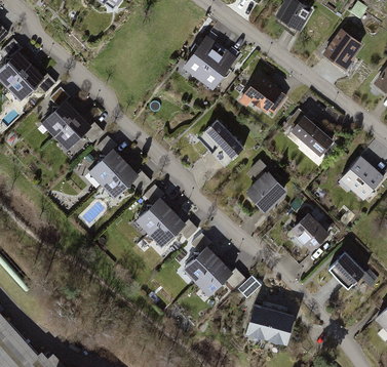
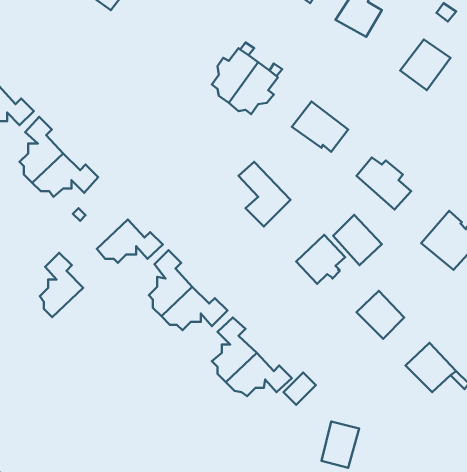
building: [92,136,124,184] -> [40,253,83,317]
building: none -> [333,215,382,265]
building: [246,304,273,338] -> none

